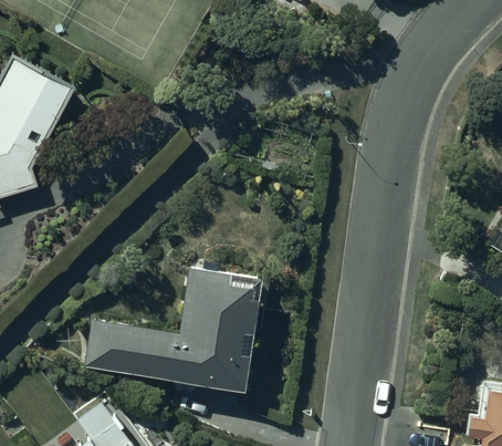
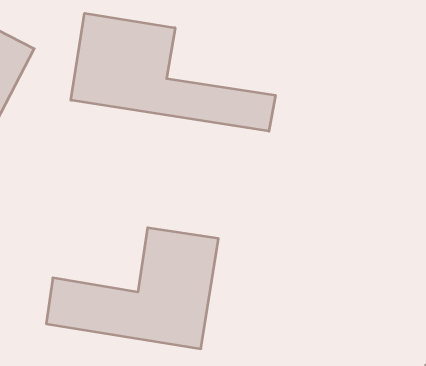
building: none -> [71,13,275,131]

